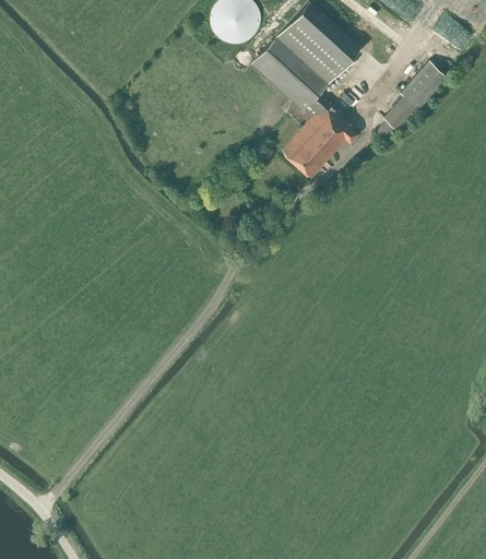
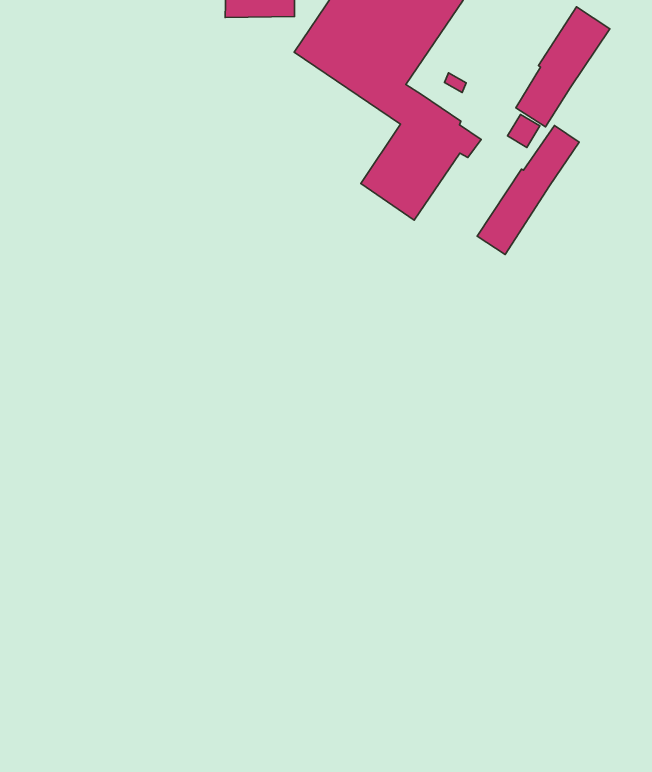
building: none -> [477,126,579,254]

